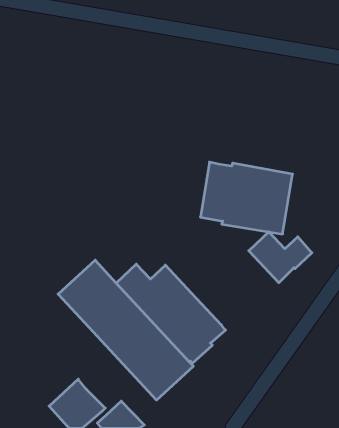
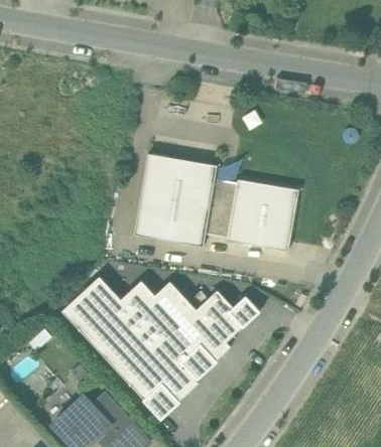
building: none -> [133,153,216,246]
building: [249,232,312,283] -> [196,290,259,341]
building: none -> [90,394,125,432]

